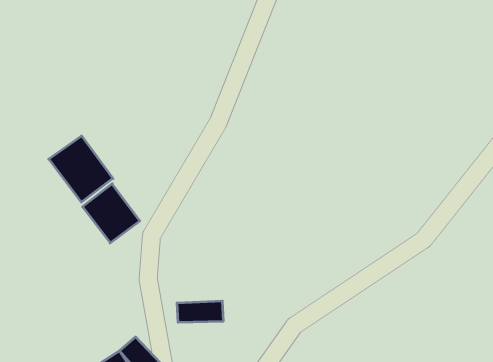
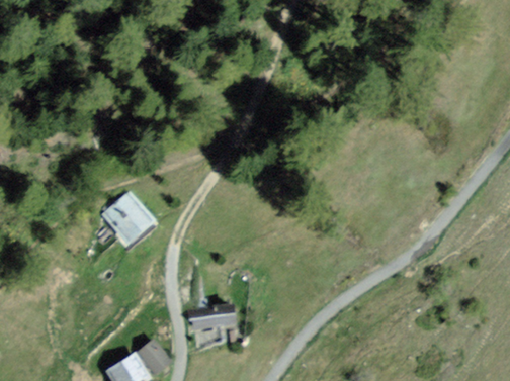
building: [49,136,113,202] -> none

